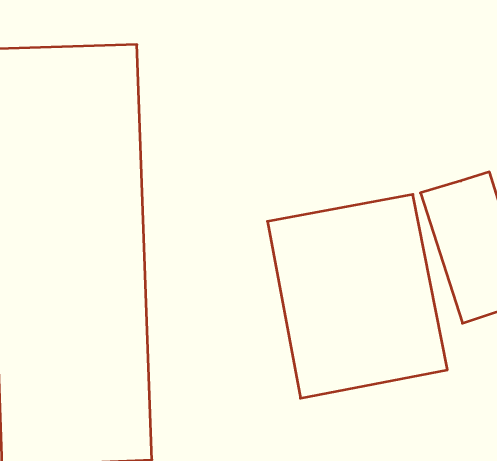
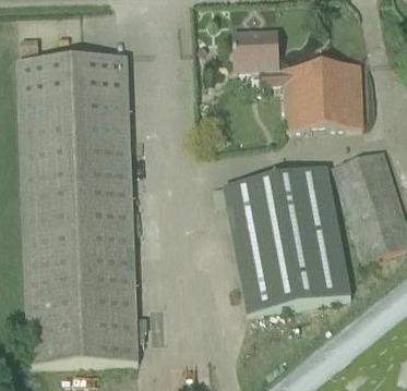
building: none -> [234,29,362,126]

